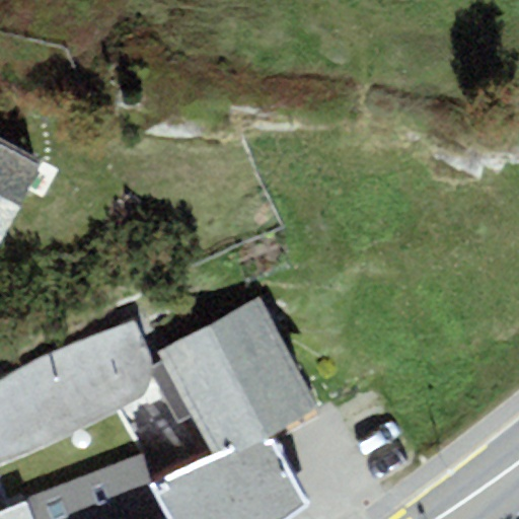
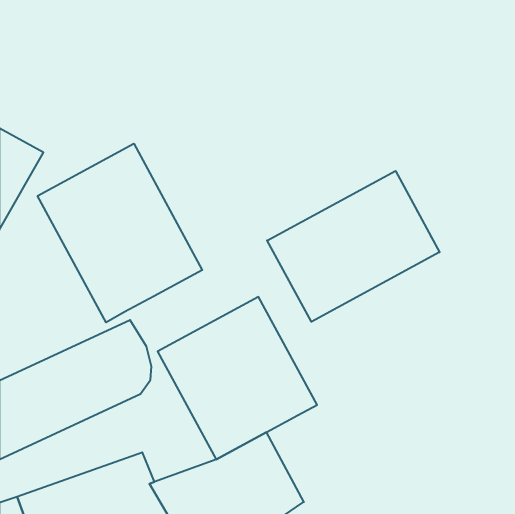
building: none -> [38,144,202,322]
building: none -> [267,171,440,322]

